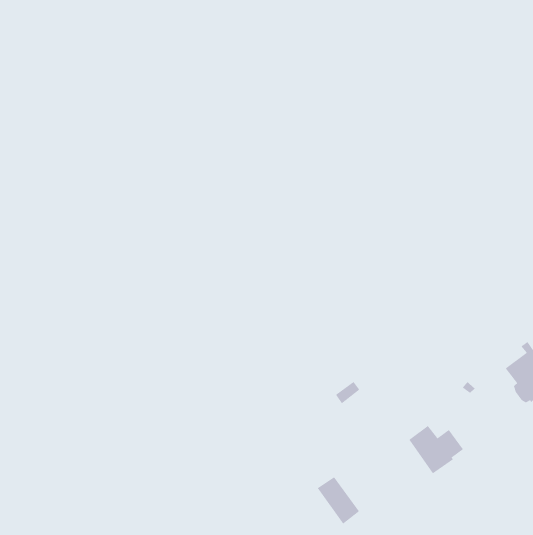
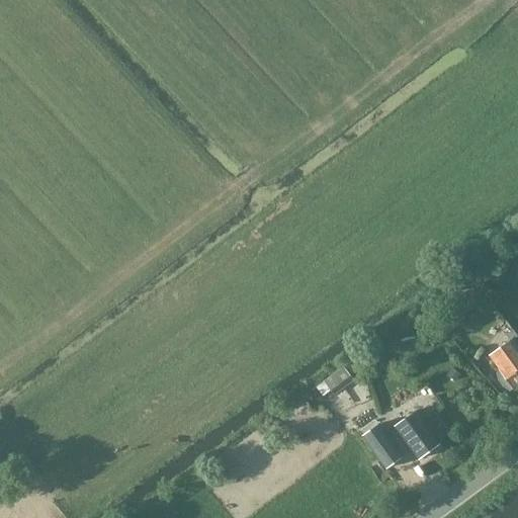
building: [317,476,360,525] -> [362,423,404,469]

